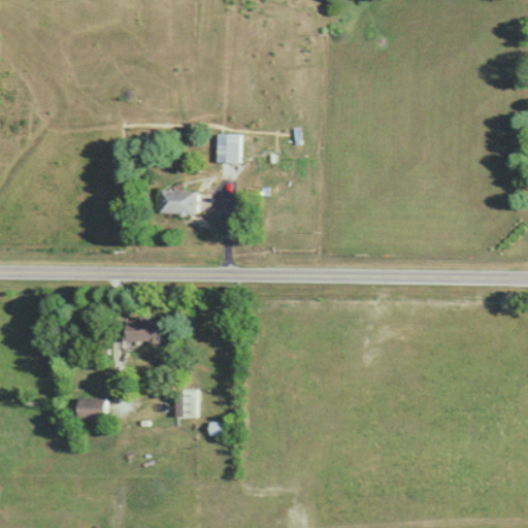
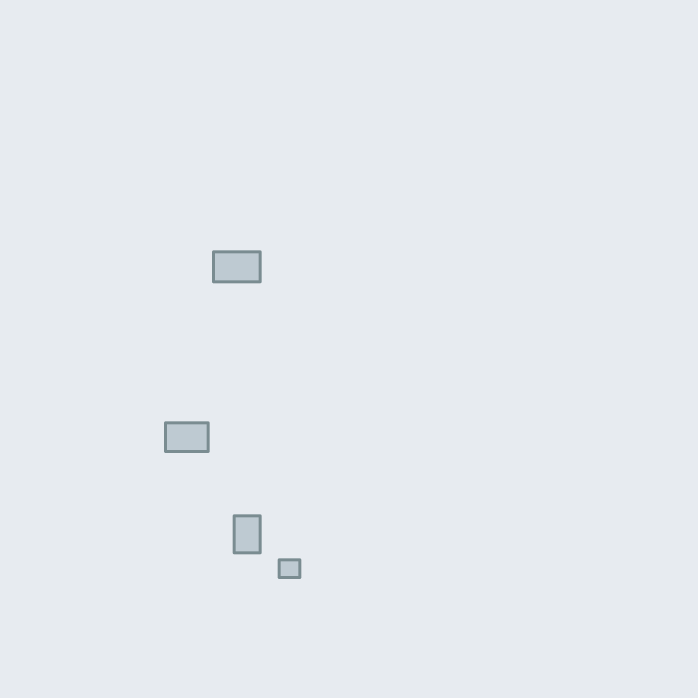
building: [218,134,240,163] -> none
building: [76,399,103,420] -> none

